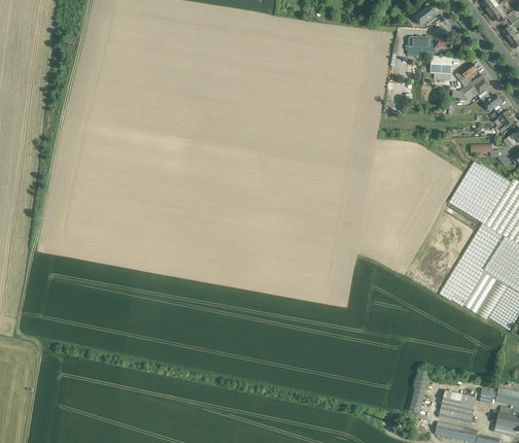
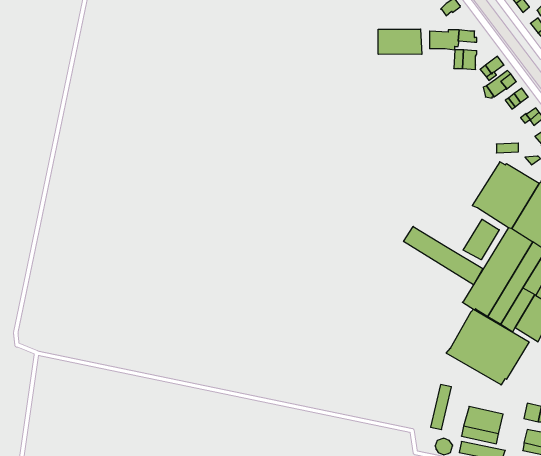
building: none -> [378,29,422,54]
building: none -> [463,219,499,260]
building: none -> [404,226,483,285]
building: none -> [446,309,529,385]

